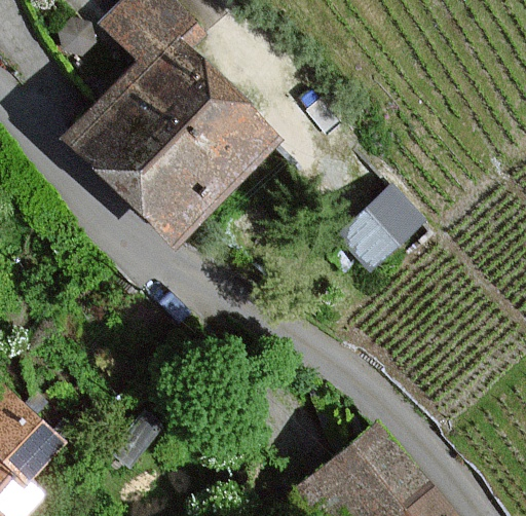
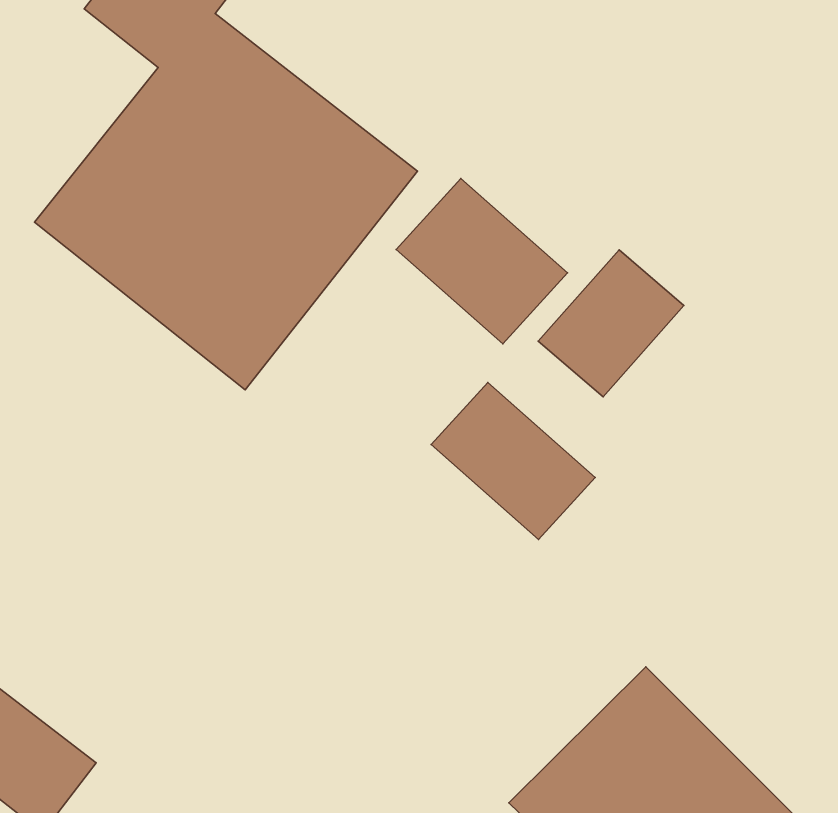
building: none -> [396,178,567,344]
building: none -> [431,382,595,540]

